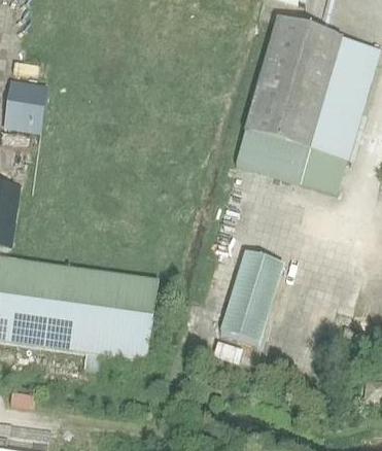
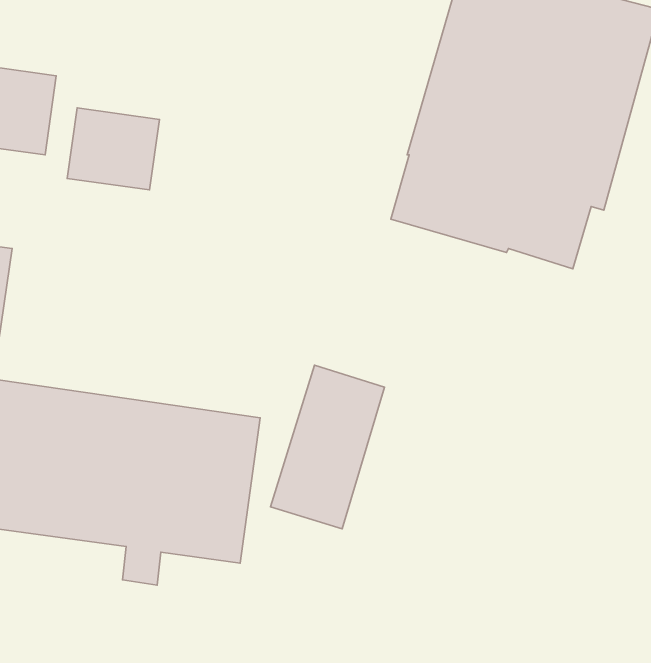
building: none -> [67,108,159,190]
building: [219,250,283,342] -> [271,365,384,529]

